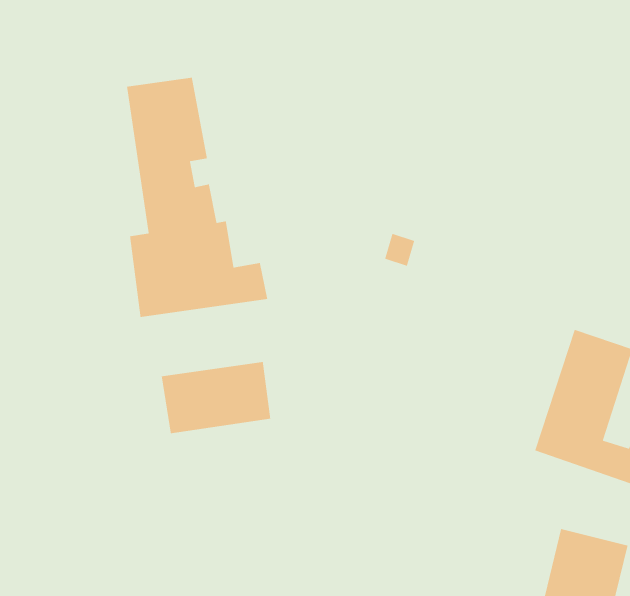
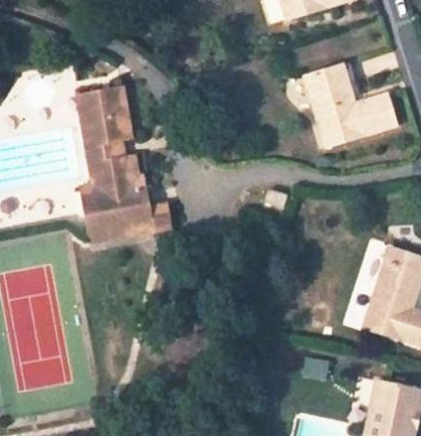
building: none -> [303,65,398,147]
building: [161,361,271,434] -> none

